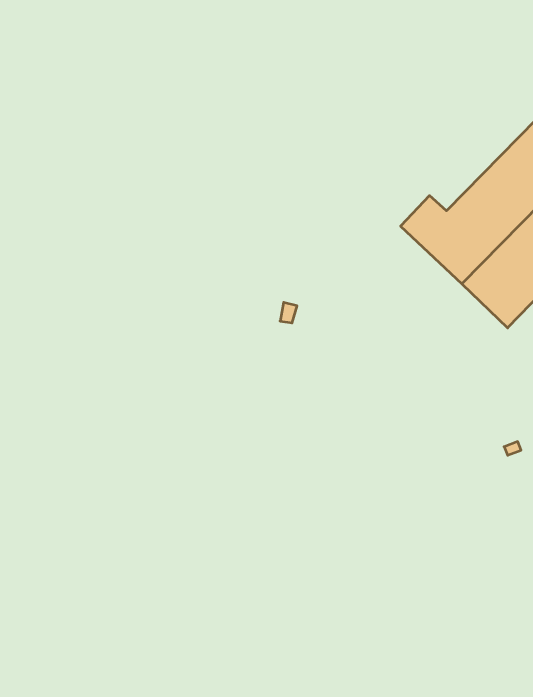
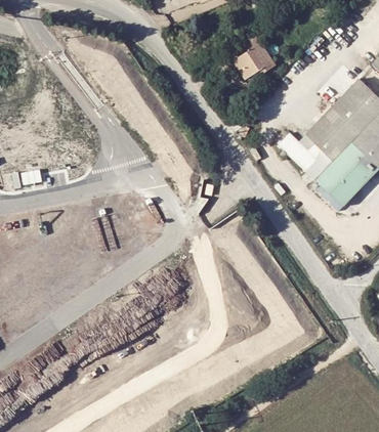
building: none -> [234,32,276,78]

